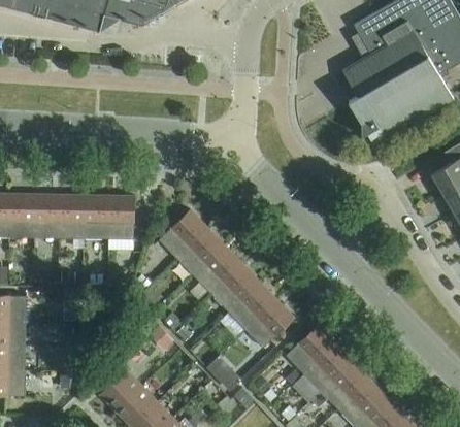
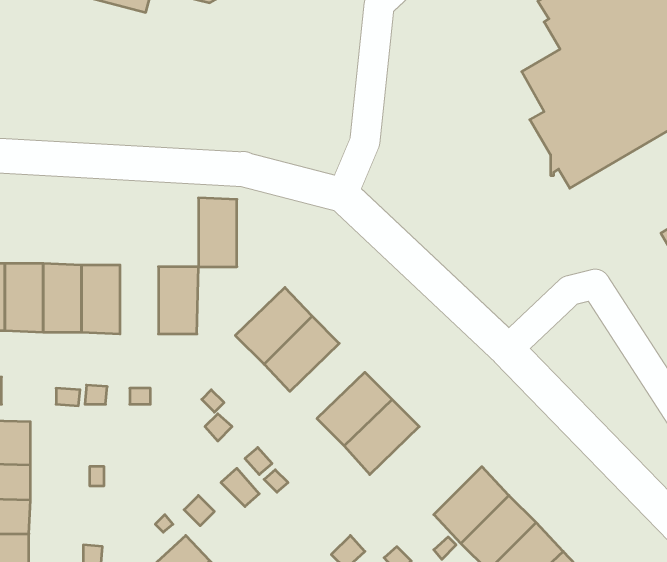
building: [84,194,108,238] -> [198,198,237,267]
building: [193,244,241,293] -> none
building: [244,298,294,347] -> none

